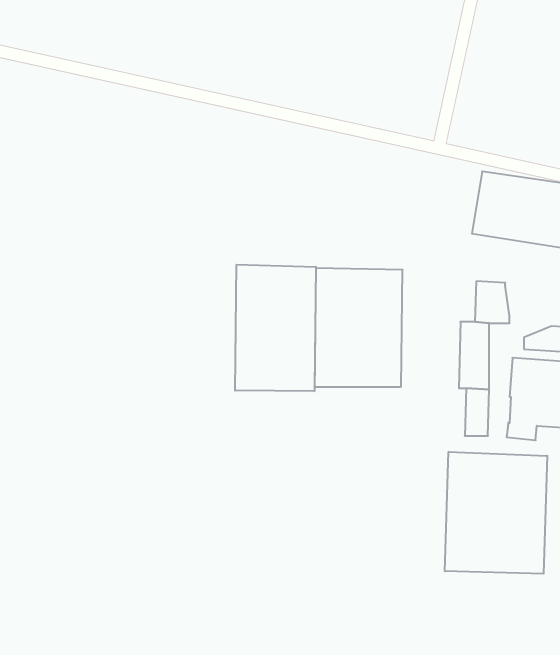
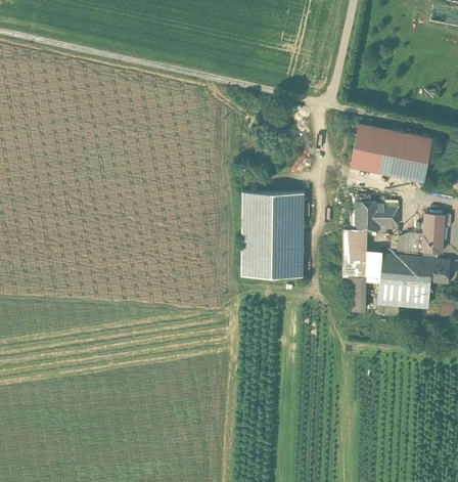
building: [235,265,316,391] -> none
building: none -> [376,205,399,226]
building: [445,452,547,574] -> none

